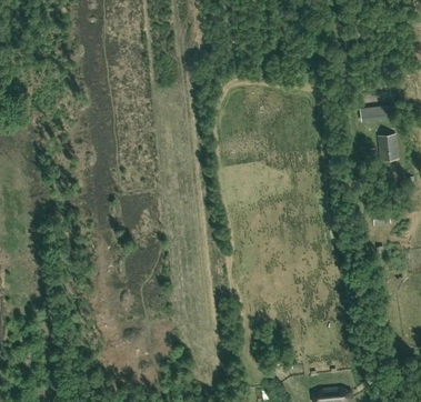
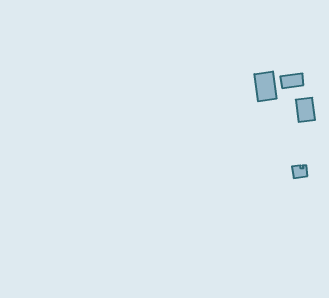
building: none -> [254,71,276,101]

